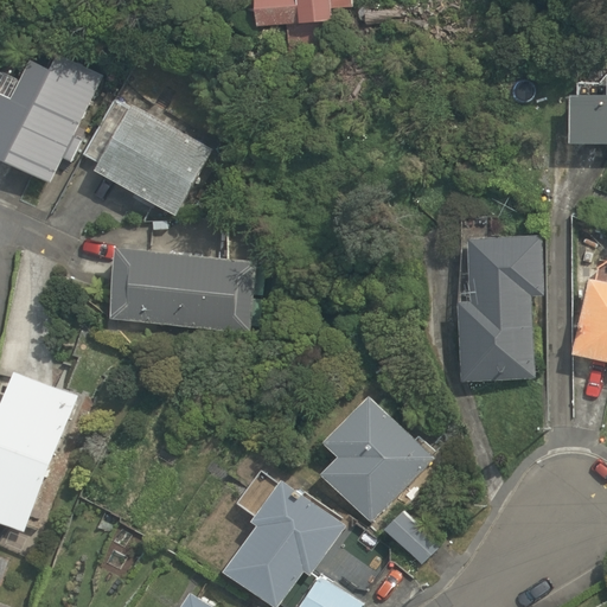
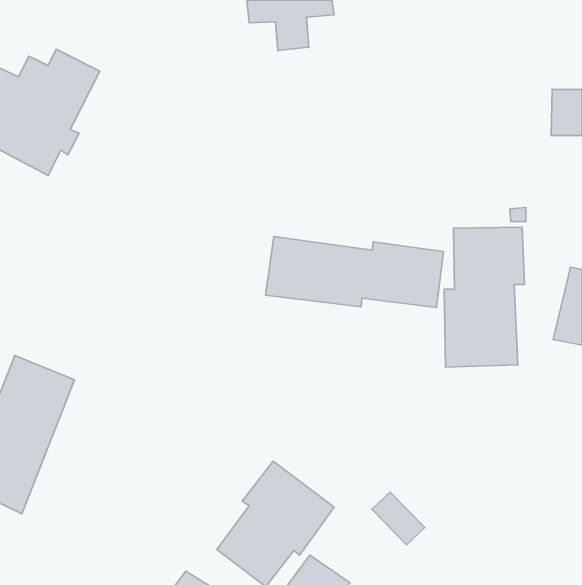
building: [82,100,213,215] -> none
building: [109,244,263,334] -> none
building: none -> [265,236,443,307]
building: [320,394,434,522] -> none

